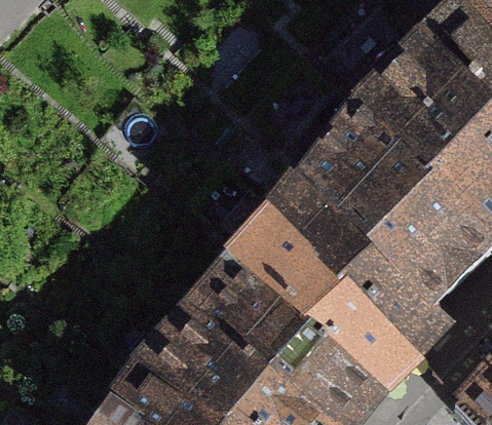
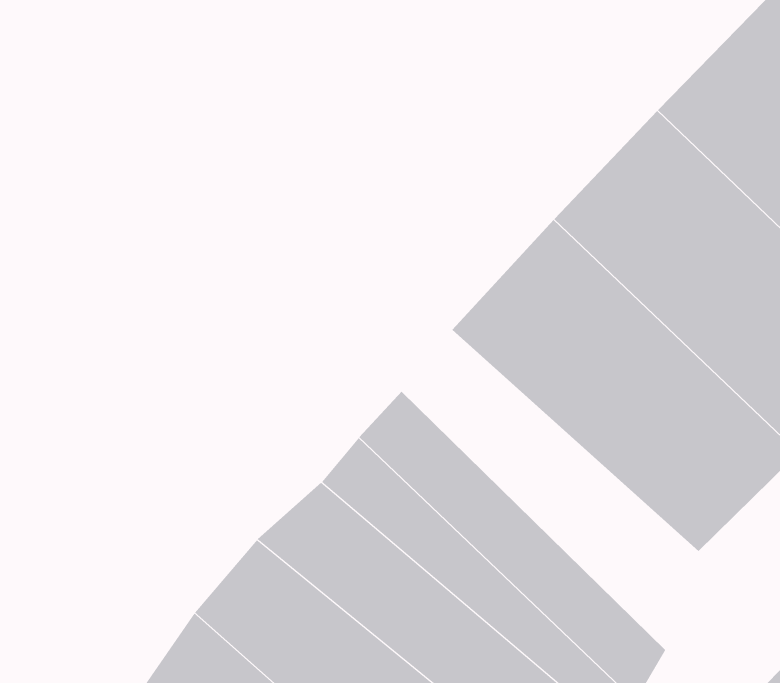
building: [245,194,441,378] -> none

